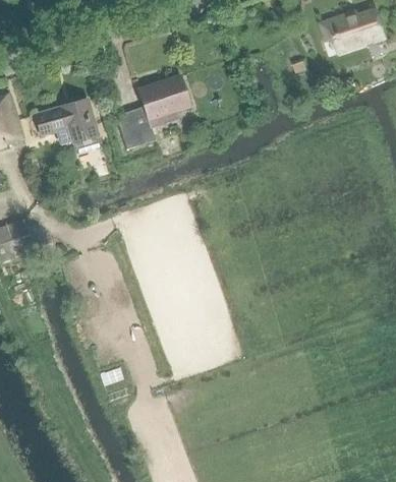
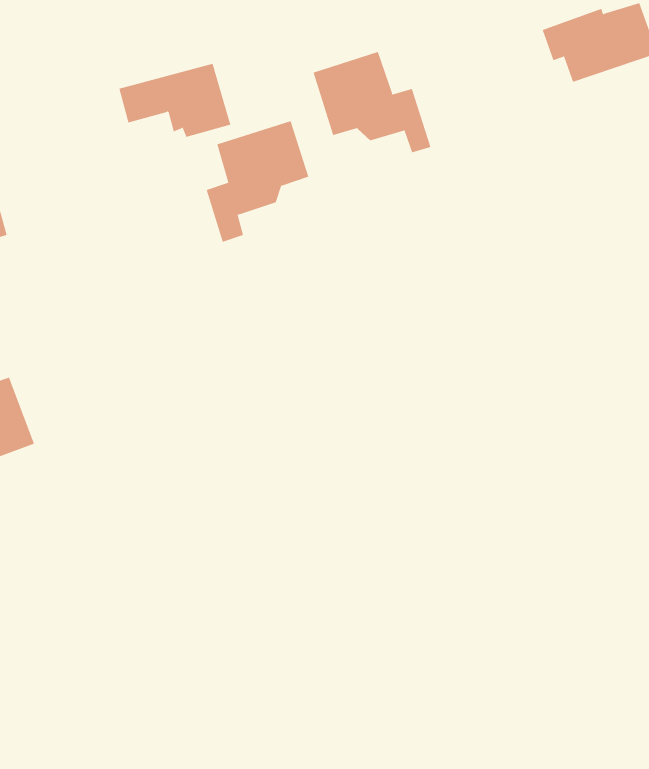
building: none -> [313,51,431,153]
building: [34,100,97,141] -> [119,63,231,138]

